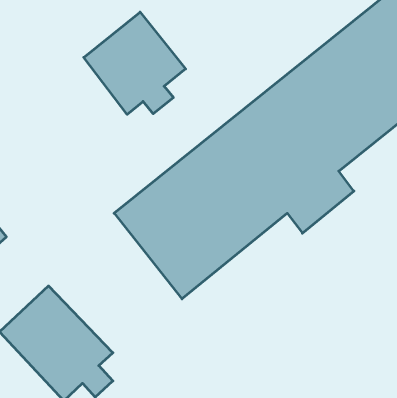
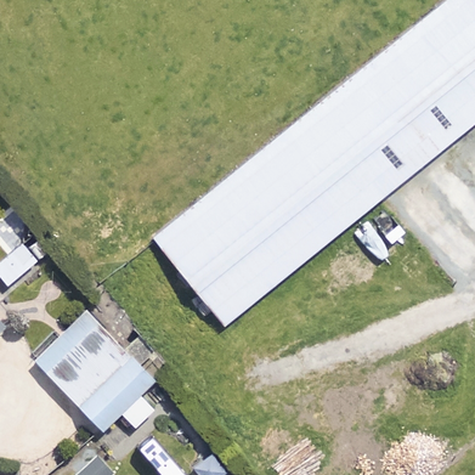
building: [84,12,186,114] -> none

